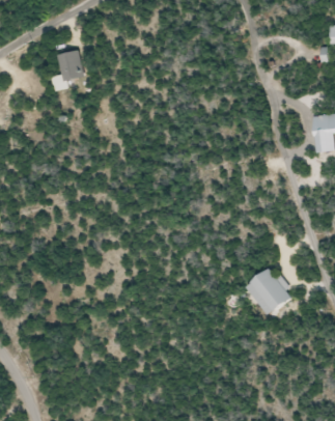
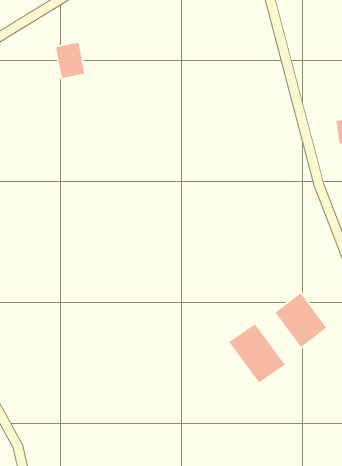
building: none -> [228,323,286,383]

